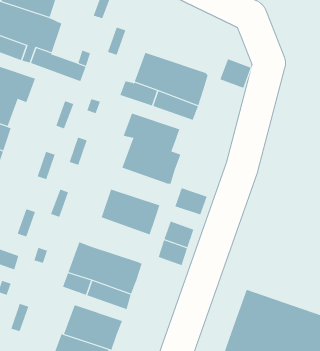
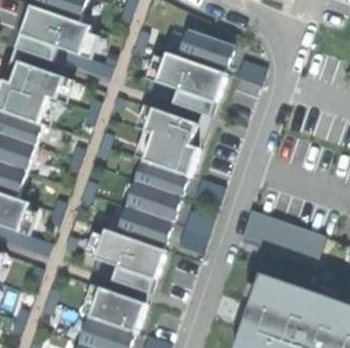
building: none -> [179,28,233,71]
building: none -> [134,158,188,194]
building: none -> [116,205,171,247]
building: none -> [239,208,324,265]

